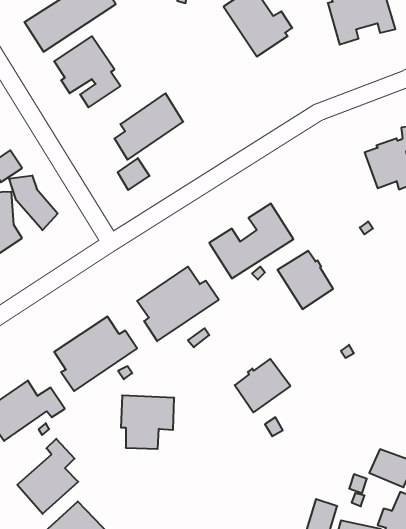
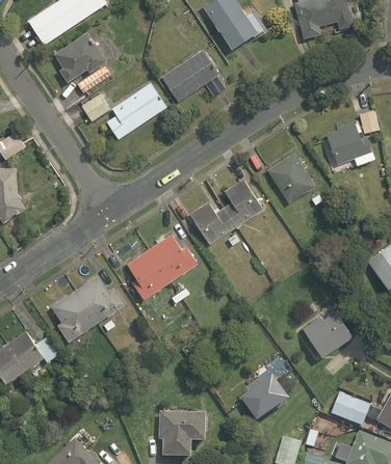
building: none -> [161,50,225,102]
building: [118,158,150,190] -> [81,93,109,121]
building: [9,175,58,230] -> none
building: [277,251,333,309] -> [269,154,318,204]
building: none -> [303,310,351,356]
building: [235,359,290,412] -> [240,376,289,422]
building: [121,395,174,449] -> [158,412,205,459]
building: [17,439,78,514] -> none

